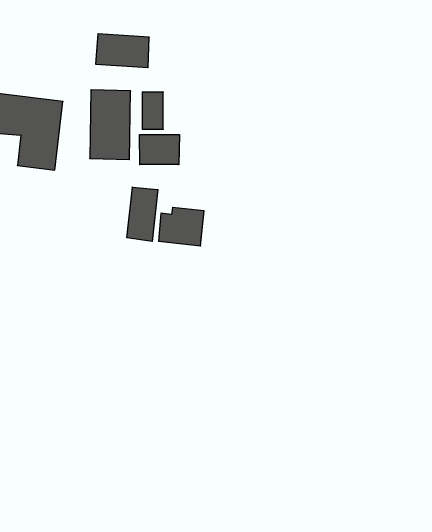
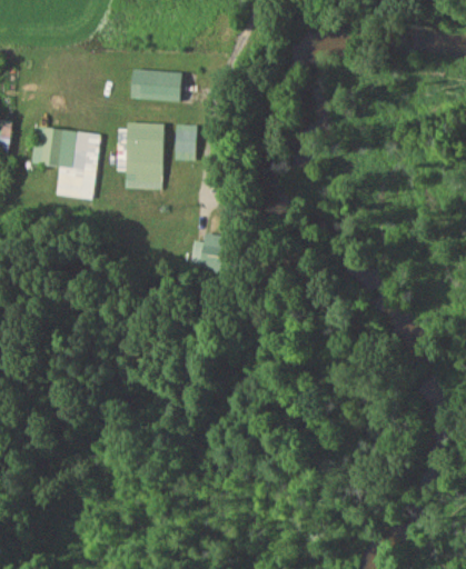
building: [140,135,179,165] -> none
building: [127,187,158,241] -> none

